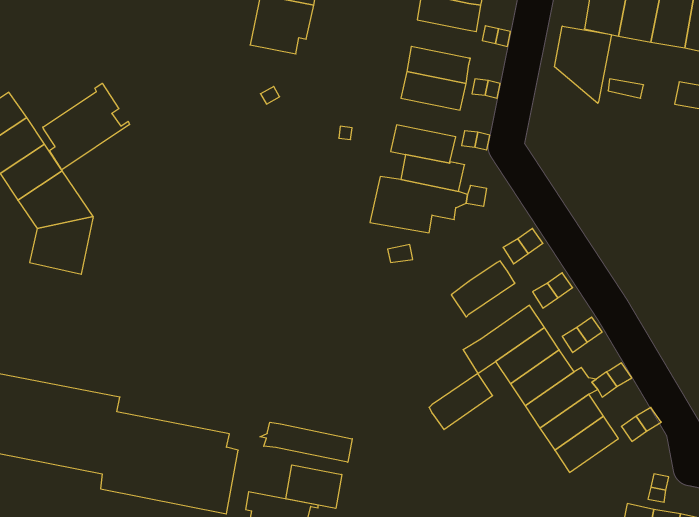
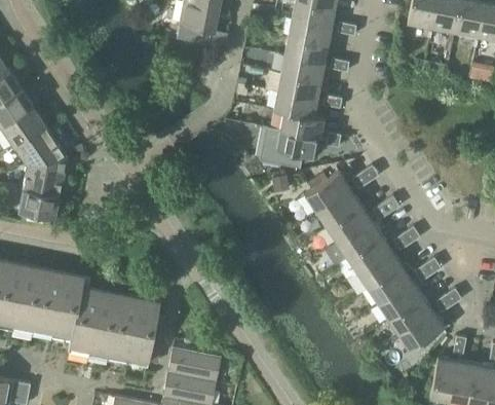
building: none -> [288,19,333,45]
building: [555,26,611,103] -> none
building: [43,83,130,170] -> none
building: none -> [277,73,321,100]
building: none -> [304,170,349,210]
building: none -> [18,187,59,217]
building: [429,373,493,430] -> [326,201,370,241]
building: [260,422,352,462] -> none
building: none -> [397,309,443,349]
building: [286,465,342,508] -> none

